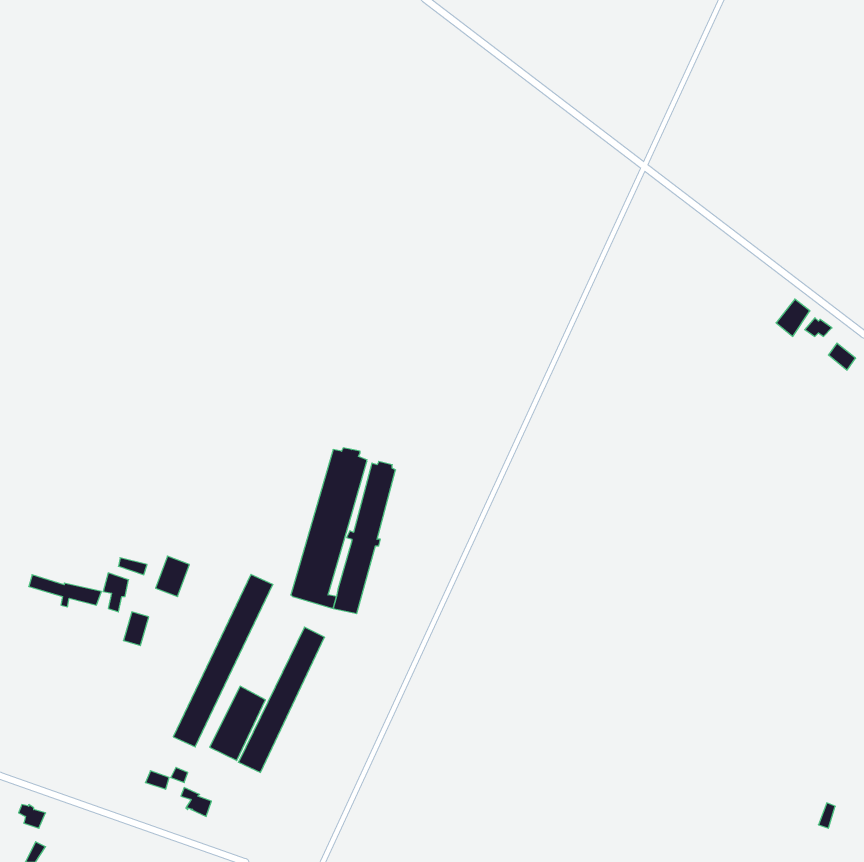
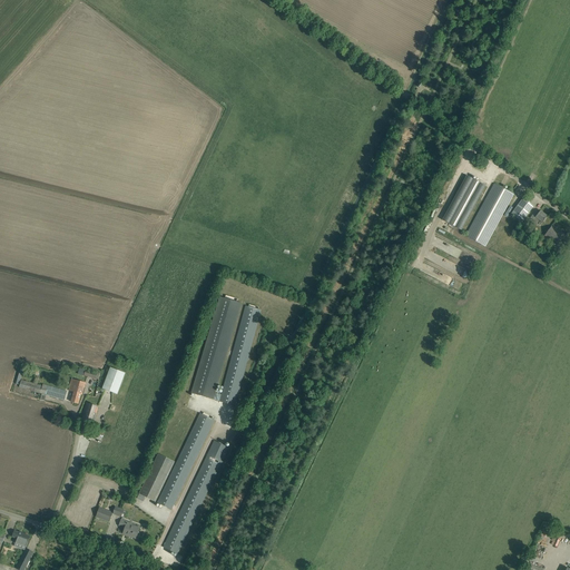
building: none -> [442,175,485,229]
building: none -> [465,183,513,246]
building: [173,574,273,747] -> [163,440,228,553]

